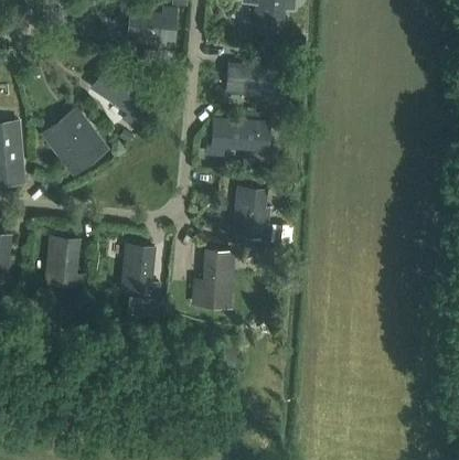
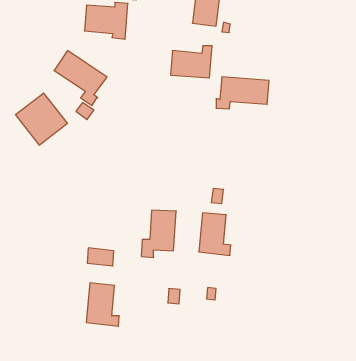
building: [207,118,269,156] -> [216,77,269,109]
building: [234,188,271,237] -> [199,213,231,255]
building: [46,236,84,286] -> none
building: [121,244,160,295] -> [86,283,119,326]

